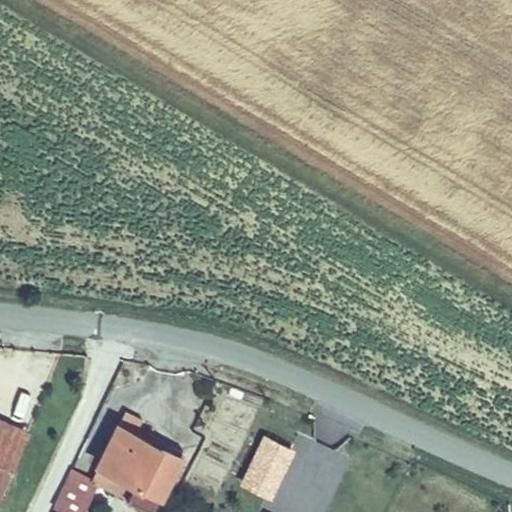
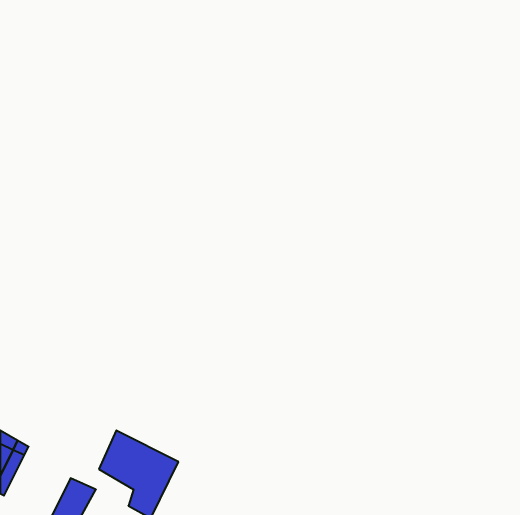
building: [236,433,296,501] -> none

